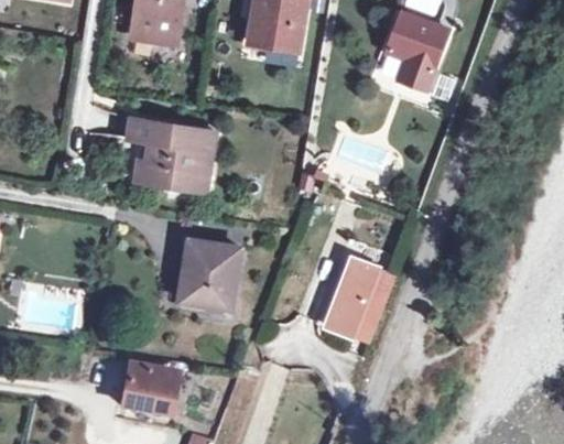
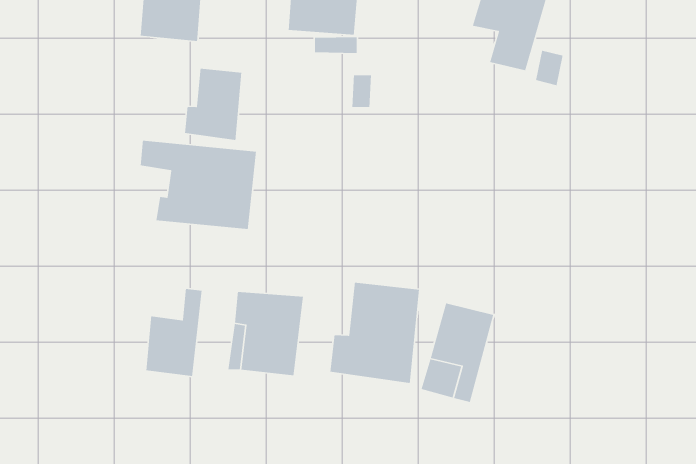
building: none -> [184,68,242,141]
building: none -> [145,288,202,377]
building: none -> [329,282,420,384]

